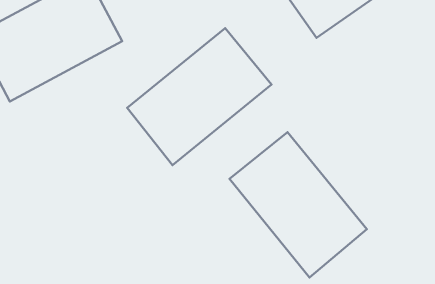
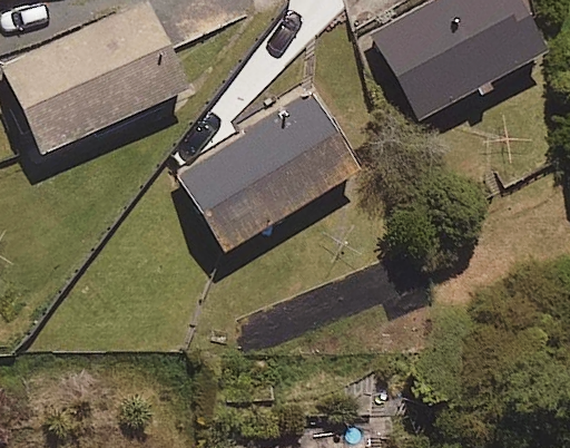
building: [230,132,367,277] -> none

